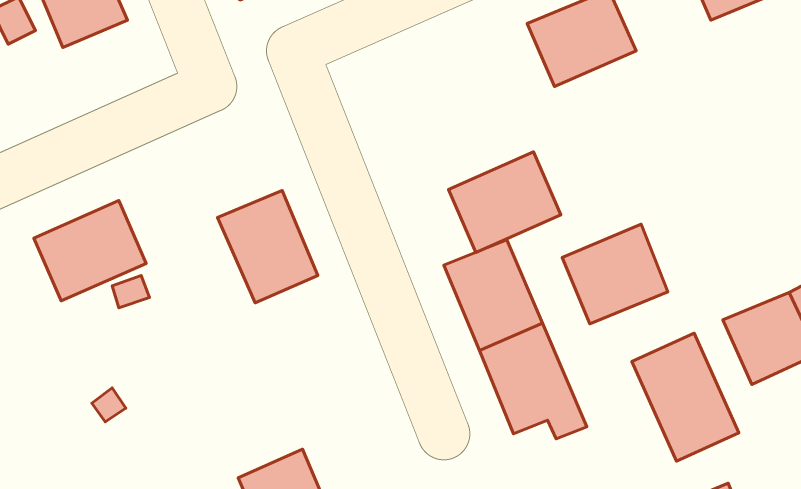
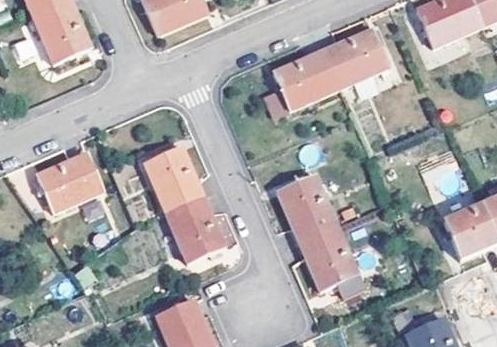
building: [449,152,561,252] -> [276,48,342,107]
building: [562,224,668,324] -> none
building: none -> [166,196,225,261]
building: [632,333,739,461] -> none

